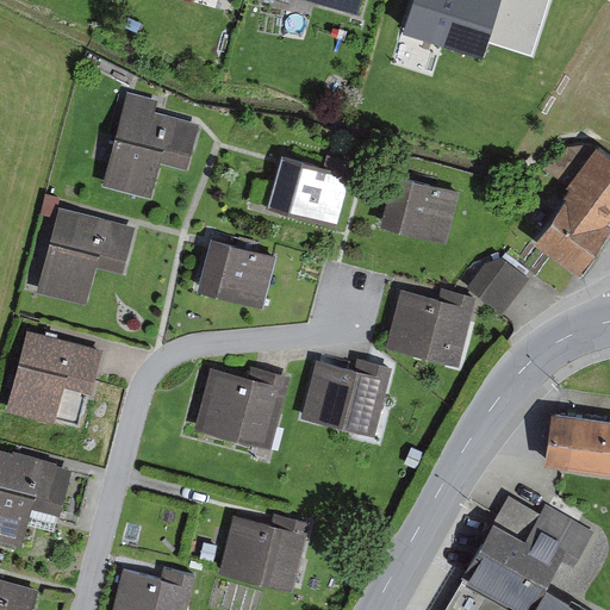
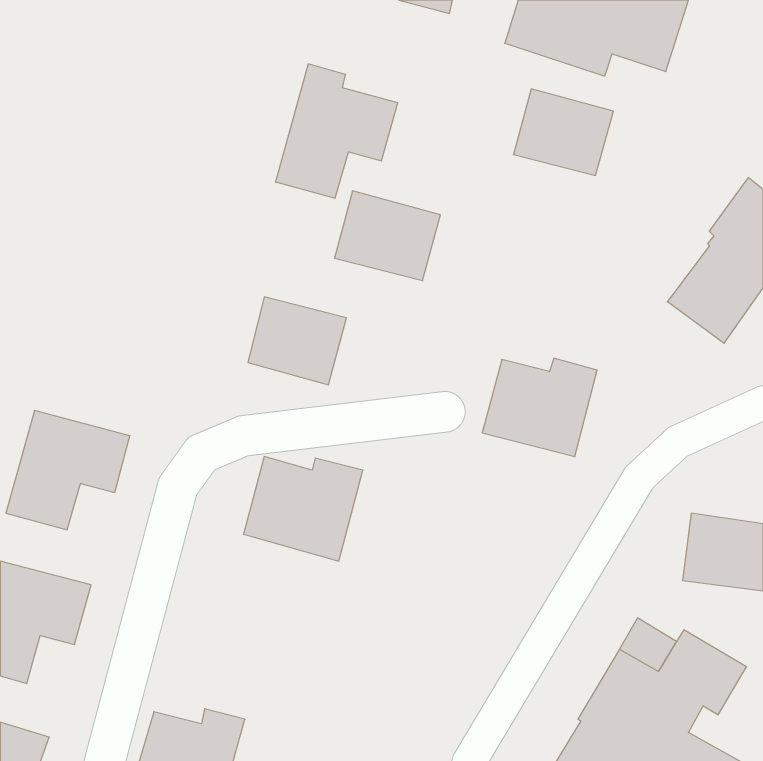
building: [101,92,199,199] -> [275,64,398,198]
building: [380,174,460,243] -> [513,89,613,175]
building: [37,207,136,305] -> none
building: [467,256,530,313] -> none
building: [300,359,392,437] -> none
building: [218,513,310,592] -> none

